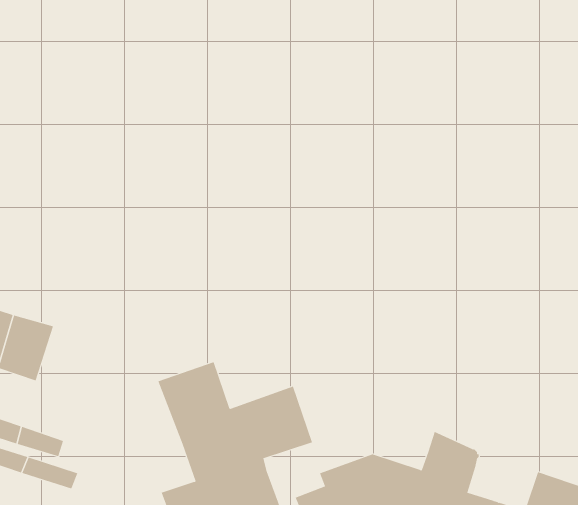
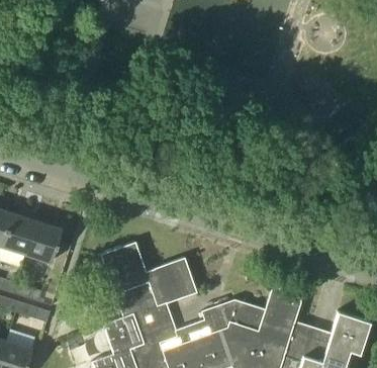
building: none -> [24,219,62,262]

